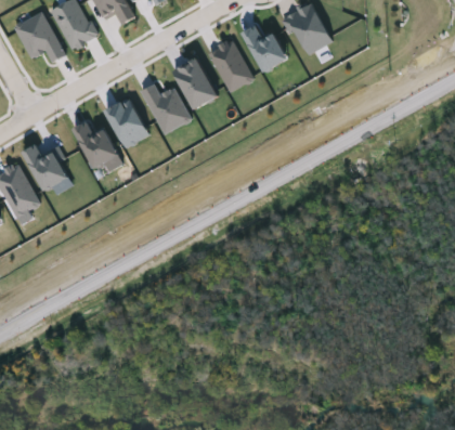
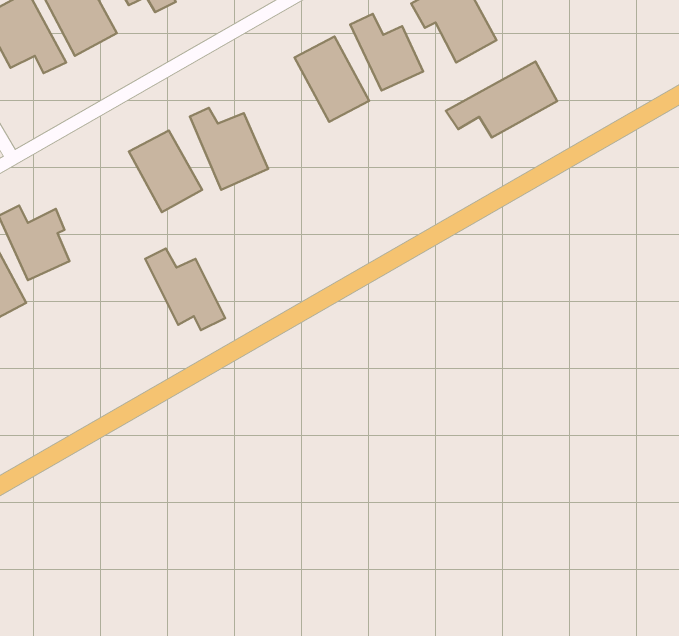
building: none -> [446,61,557,137]
building: [172,57,218,109] -> none
building: [73,121,122,172] -> [145,248,225,330]

